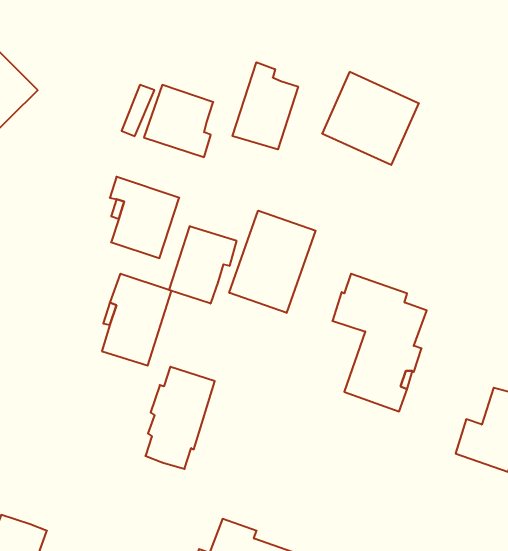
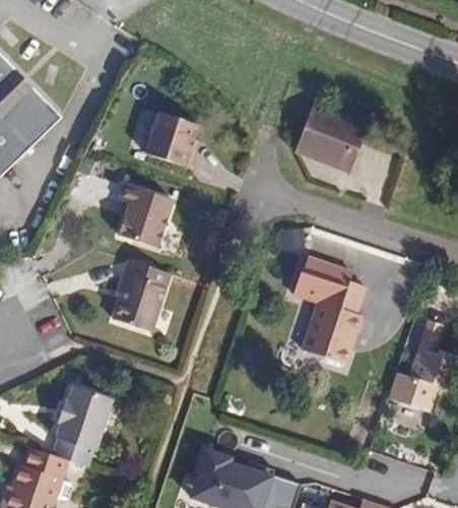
building: [232,62,298,149] -> none
building: [229,211,316,313] -> none
building: [169,226,236,304] -> none
building: [145,367,215,469] -> [58,383,112,462]

